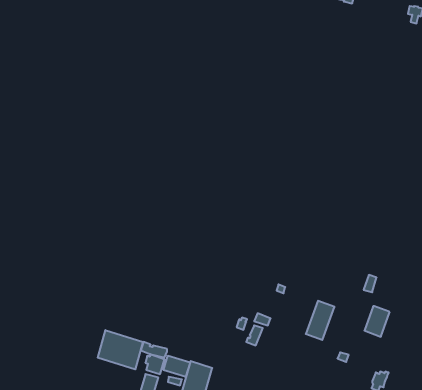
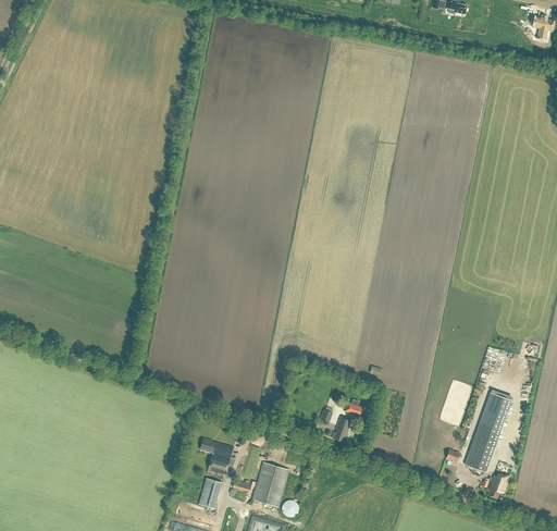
building: [306,301,335,340] -> [463,422,499,471]
building: [98,330,143,369] -> none
building: [164,356,190,377] -> none

